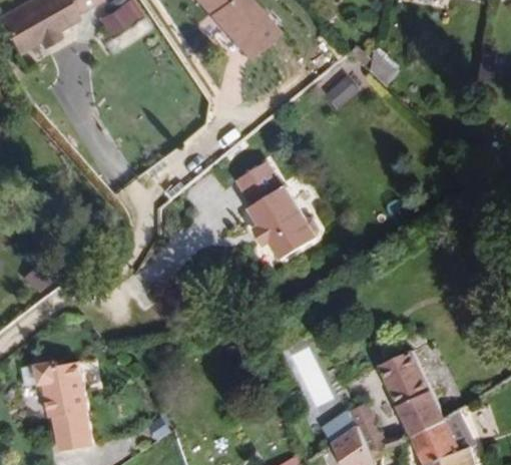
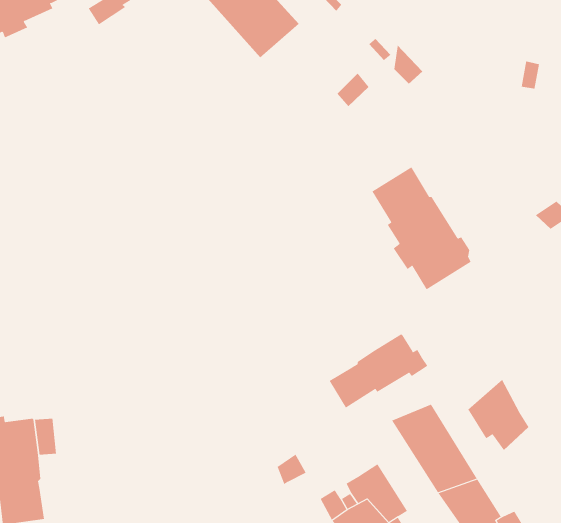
building: [245,162,330,267] -> [371,167,471,290]
building: none -> [329,334,428,408]
building: none -> [467,379,529,451]

